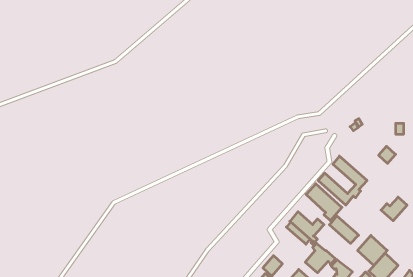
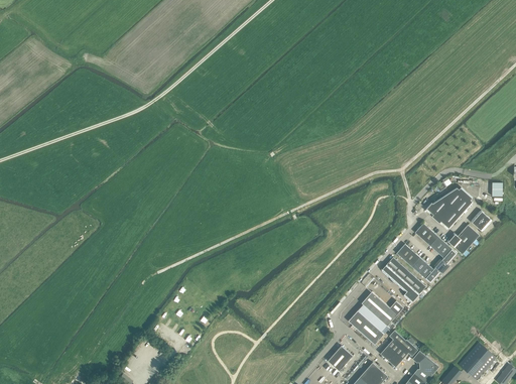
building: none -> [426,187,472,228]
building: [381,197,407,221] -> [446,225,479,254]
building: [329,216,359,243] -> [348,310,384,345]
building: [358,235,387,265] -> none

